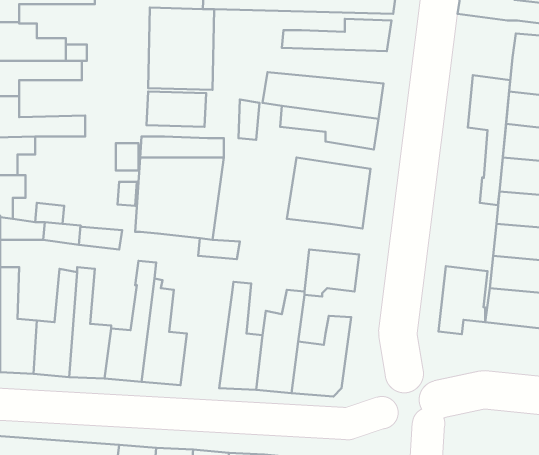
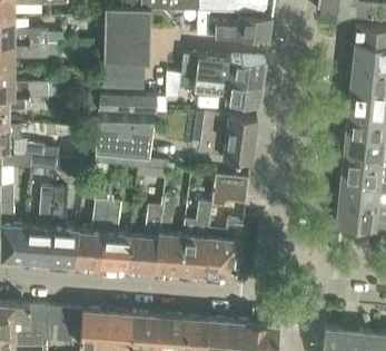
building: [468,75,510,205] -> none
building: [439,266,488,334] -> none
building: none -> [126,205,161,271]

